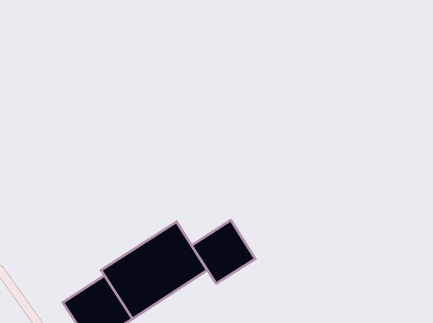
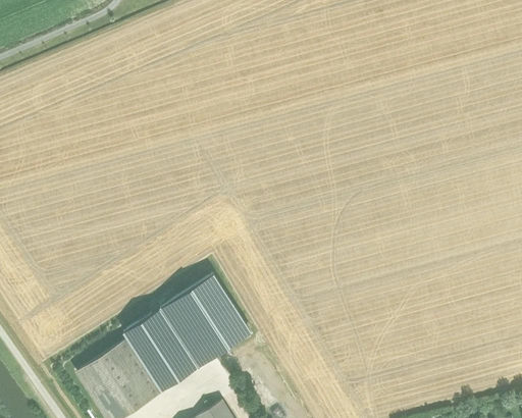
building: [191,220,255,283] -> none

